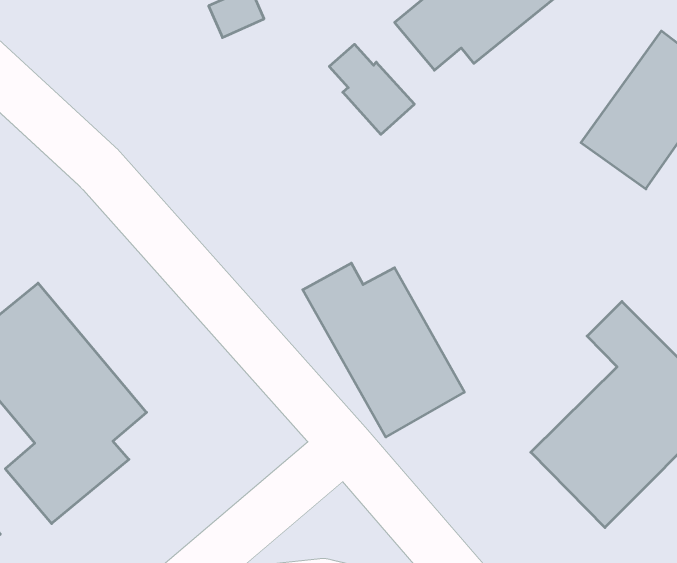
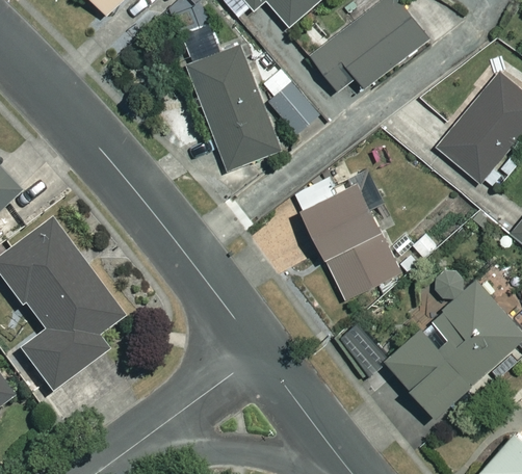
building: none -> [188,45,280,167]
building: [303,263,464,437] -> [294,176,403,299]

